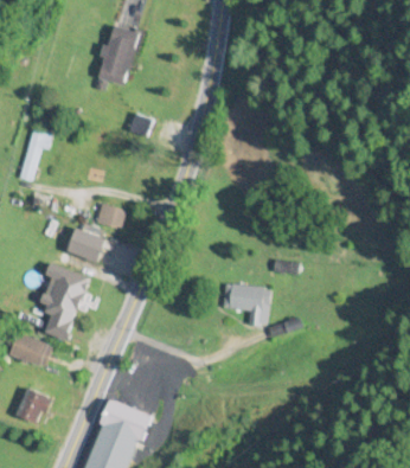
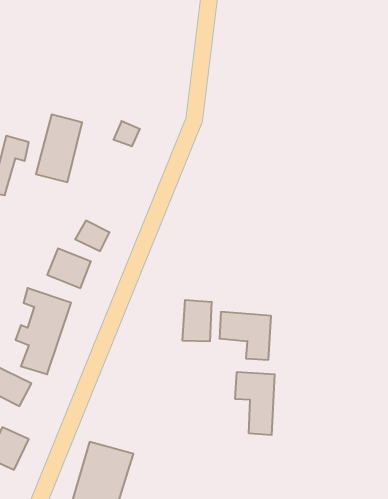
building: [97,24,139,84] -> [36,114,82,182]
building: none -> [183,300,212,341]
building: none -> [235,372,275,435]

